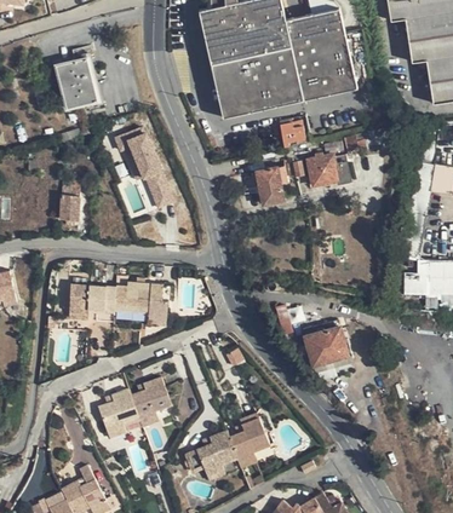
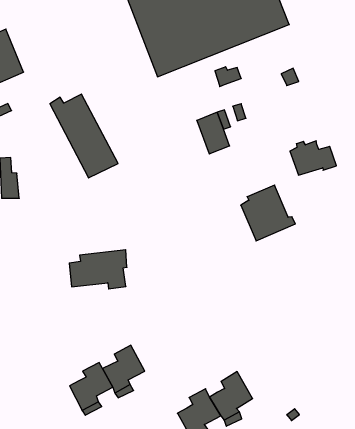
building: [306,152,349,184] -> [290,141,336,175]
building: [68,289,114,317] -> none
building: [304,322,354,373] -> [241,185,295,241]

